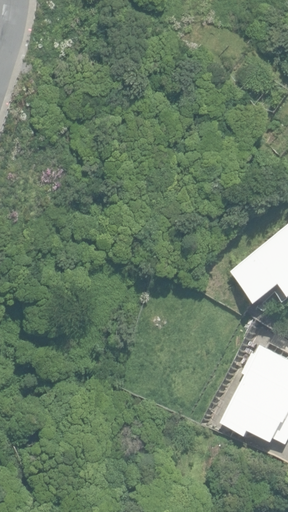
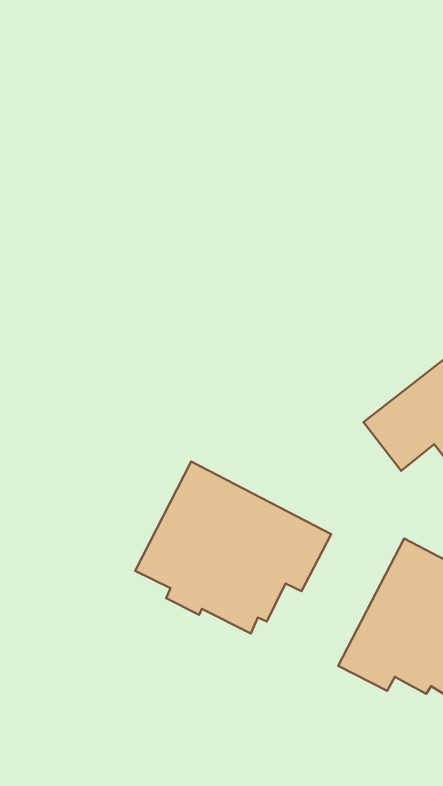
building: none -> [135,461,331,633]

